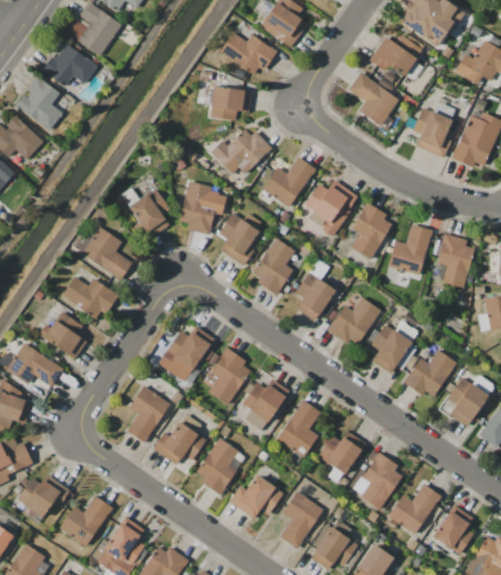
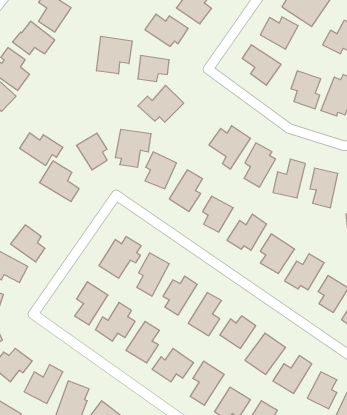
building: none -> [97,36,132,74]
building: [261,156,315,206] -> none
building: [61,276,118,319] -> [20,133,63,165]

